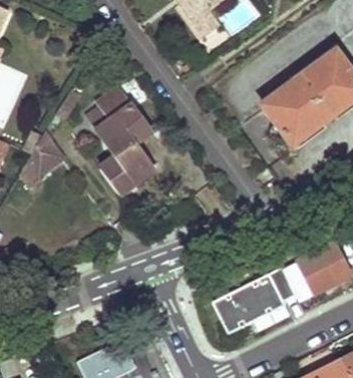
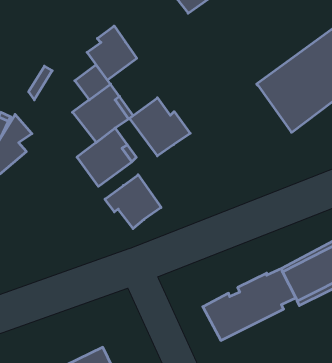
building: none -> [87,26,137,80]
building: none -> [130,98,190,156]
building: none -> [105,175,161,229]

